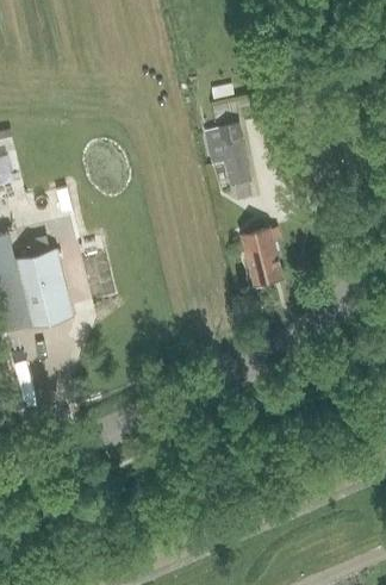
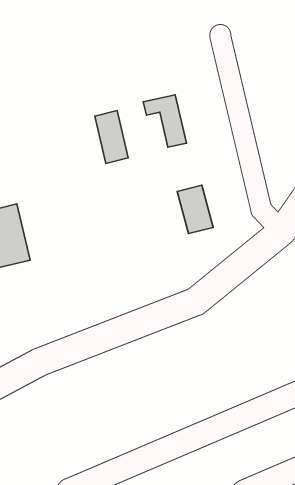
building: none -> [95,111,128,163]

